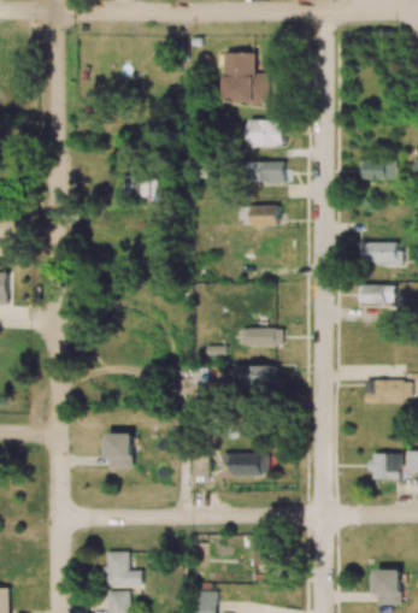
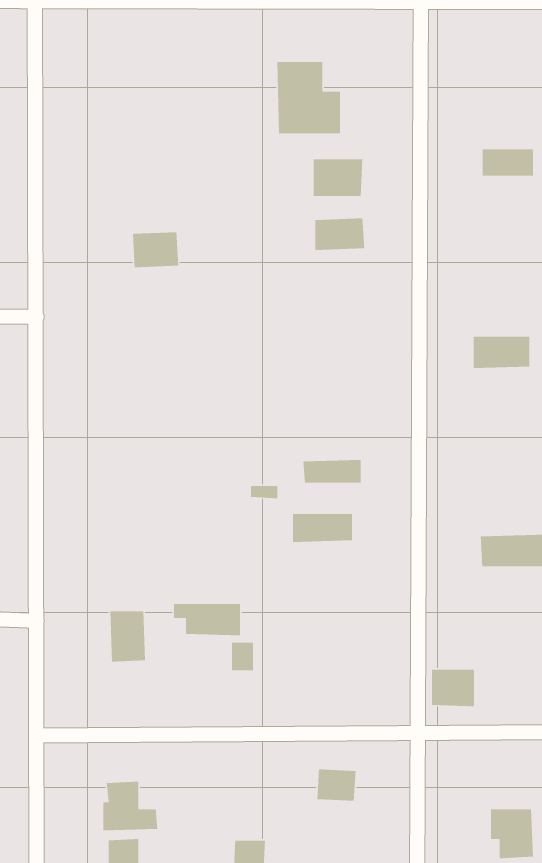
building: [360,160,396,179] -> [482,149,534,176]
building: [251,206,277,228] -> none
building: [358,285,394,303] -> none
building: [222,454,269,477] -> [173,603,241,636]
building: [370,454,400,481] -> [431,669,475,707]

